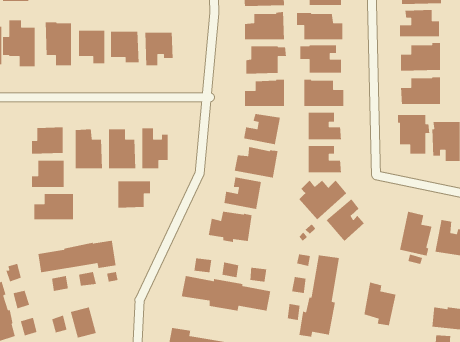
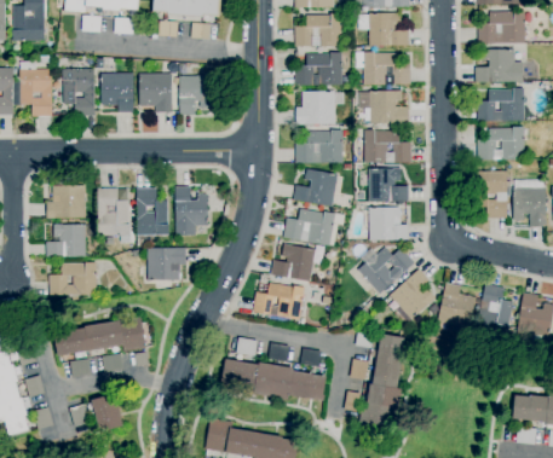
building: [363,282,397,326] -> [438,282,477,334]

